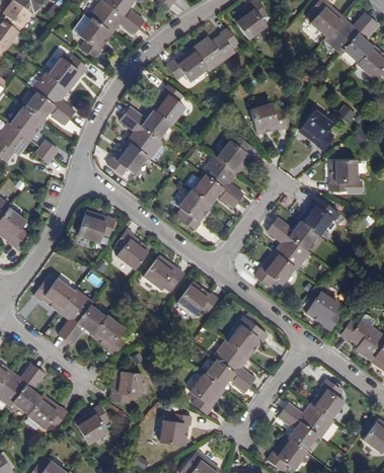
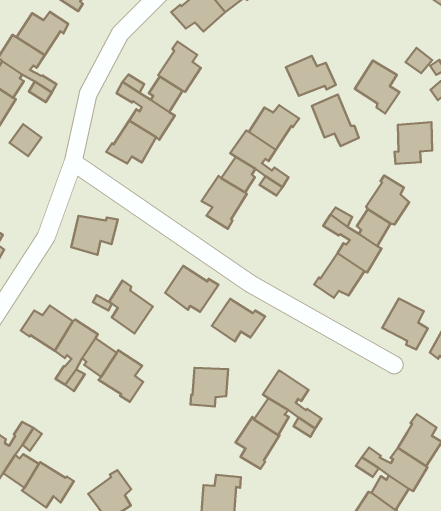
building: none -> [312,94,359,146]
building: [118,227,150,267] -> [109,280,153,333]
building: [228,315,266,356] -> none
building: [112,371,143,401] -> [190,368,228,407]

